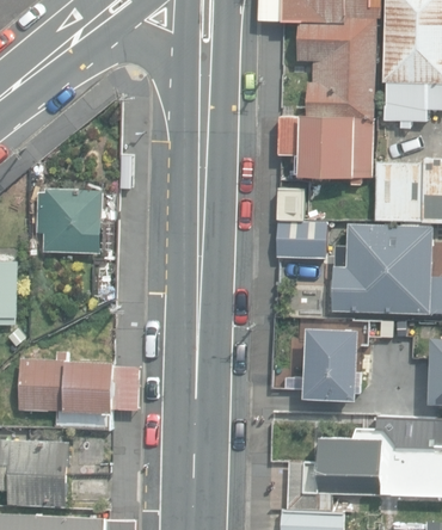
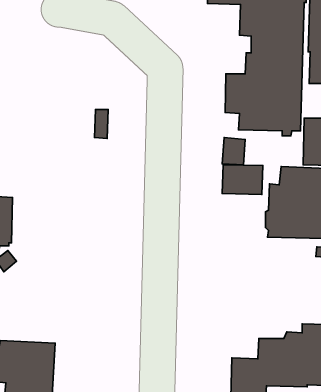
building: [37,187,103,253] -> none
building: [305,328,358,400] -> none
building: [19,352,115,430] -> none

